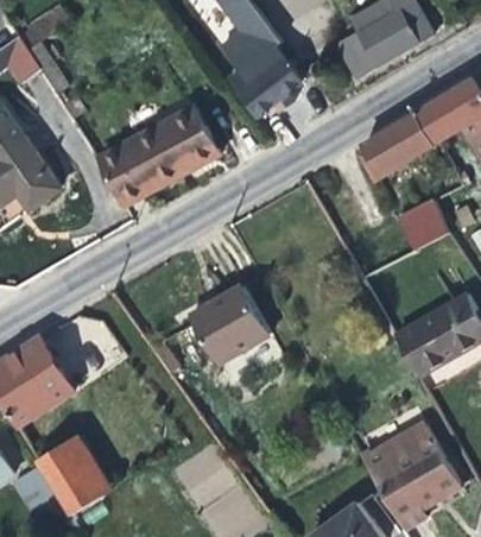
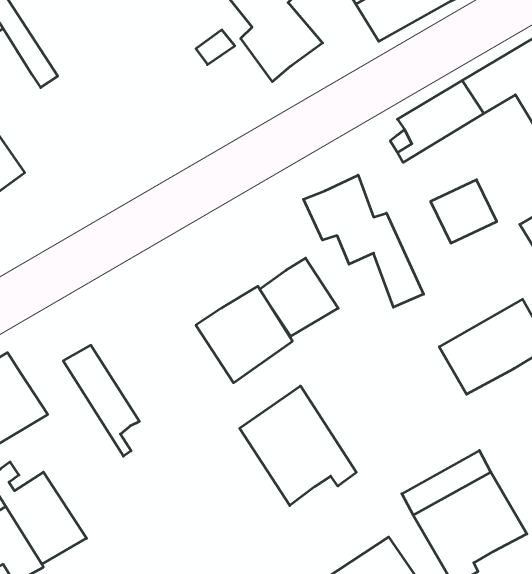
building: [96,107,222,206] -> none
building: none -> [303,175,424,307]
building: none -> [260,258,338,336]
building: none -> [63,345,139,456]
building: none -> [240,386,356,506]

